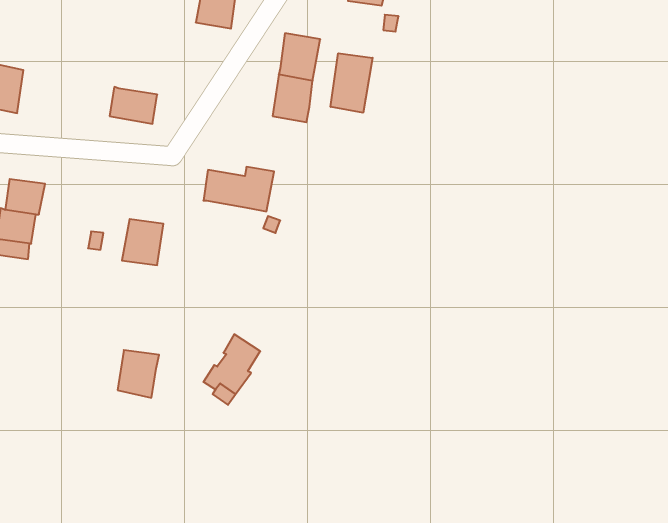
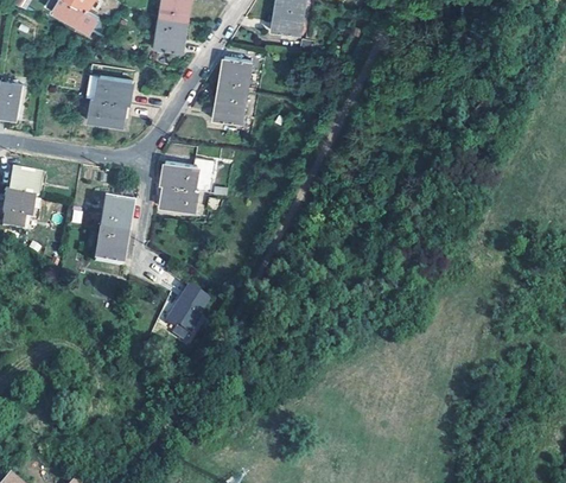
building: [331,53,373,113] -> none
building: none -> [95,75,131,104]
building: none -> [159,186,196,215]
building: [118,350,159,398] -> [93,233,125,269]

